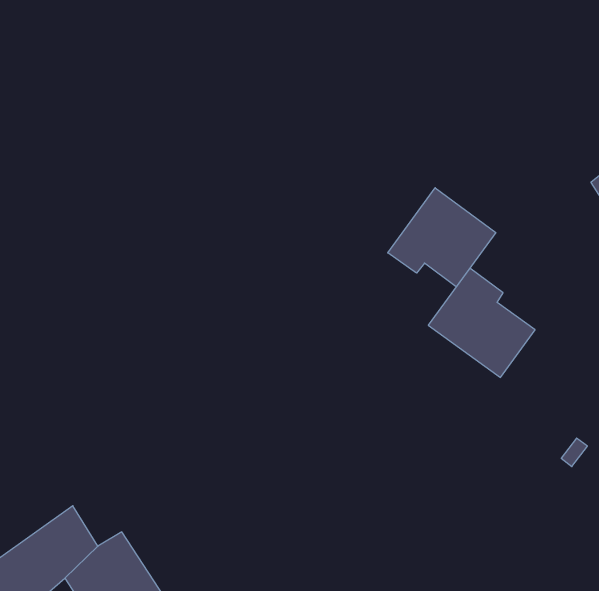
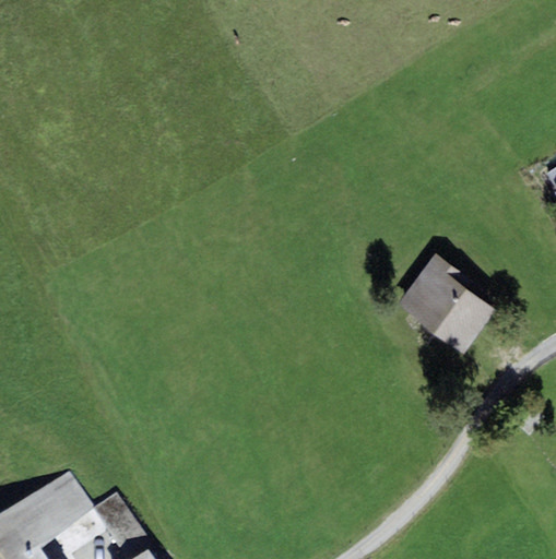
building: [388,188,496,287] -> none

